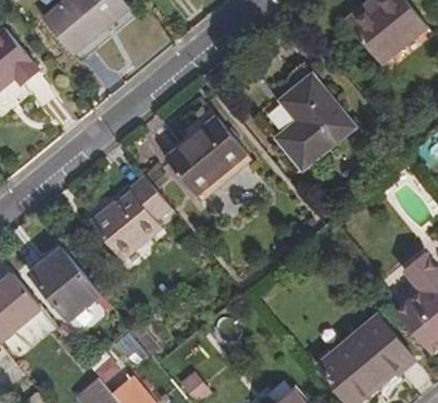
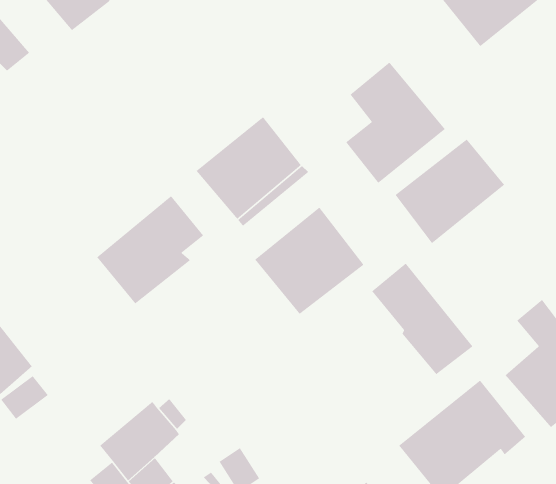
building: none -> [395,139,505,244]
building: none -> [254,207,364,315]
building: none -> [371,263,474,375]
building: [29,246,99,318] -> none

